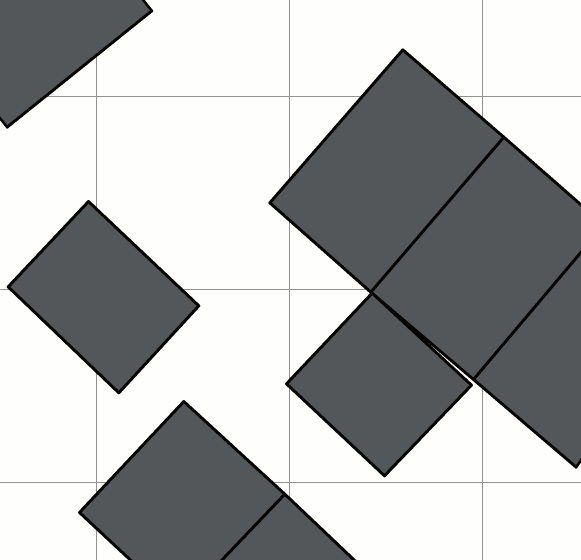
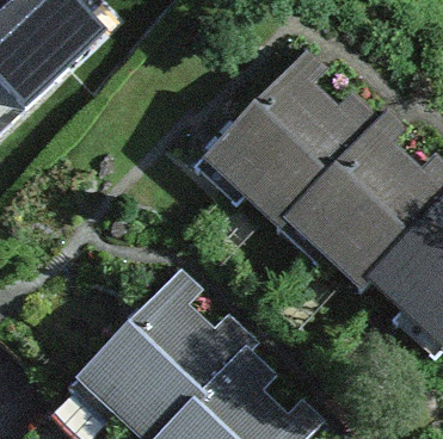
building: [8,201,199,393] -> none
building: [287,293,472,476] -> none

